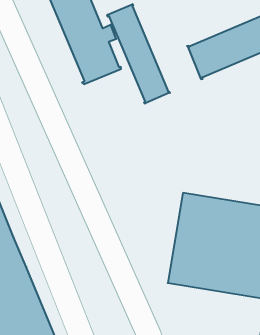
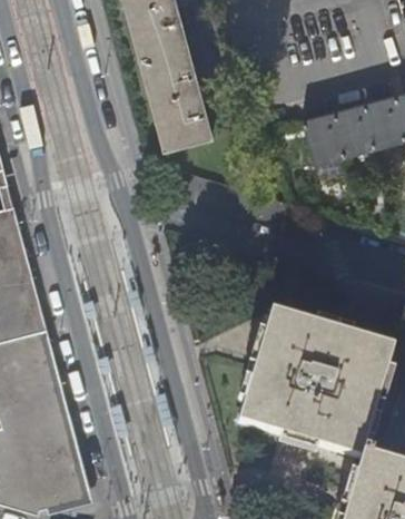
building: [107,4,170,104] -> none

